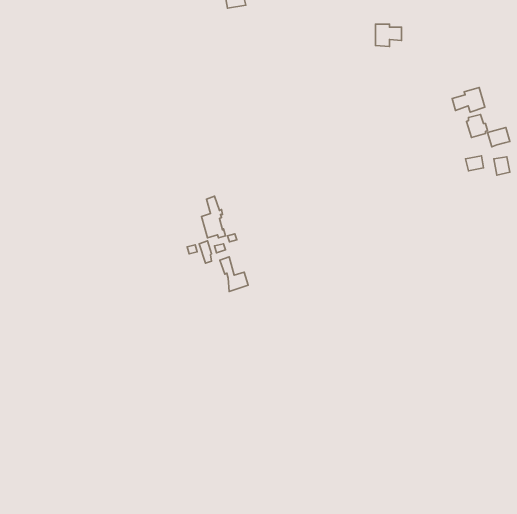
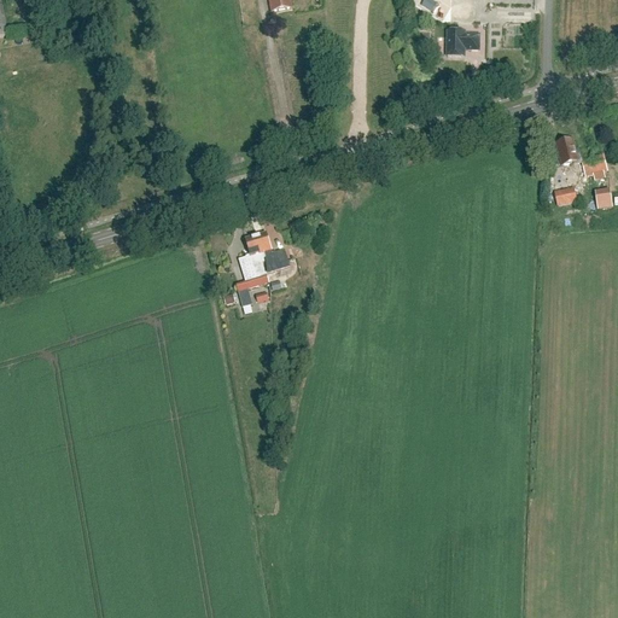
building: [452,88,485,112] -> none
building: [220,257,248,291] -> [256,231,290,272]

